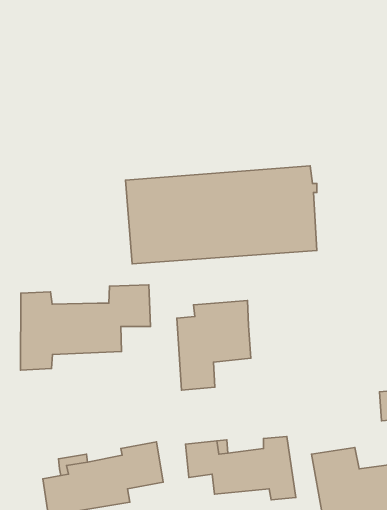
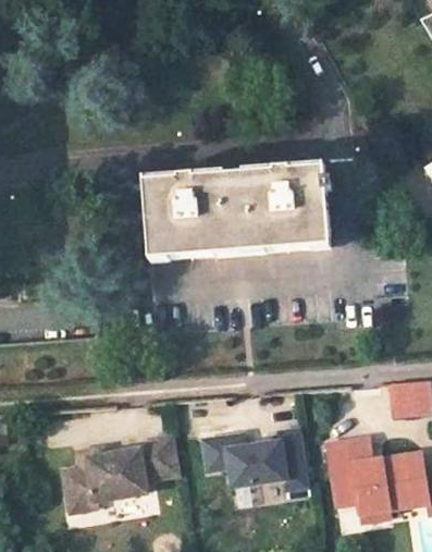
building: [21,285,151,370] -> none
building: [177,301,251,390] -> none

